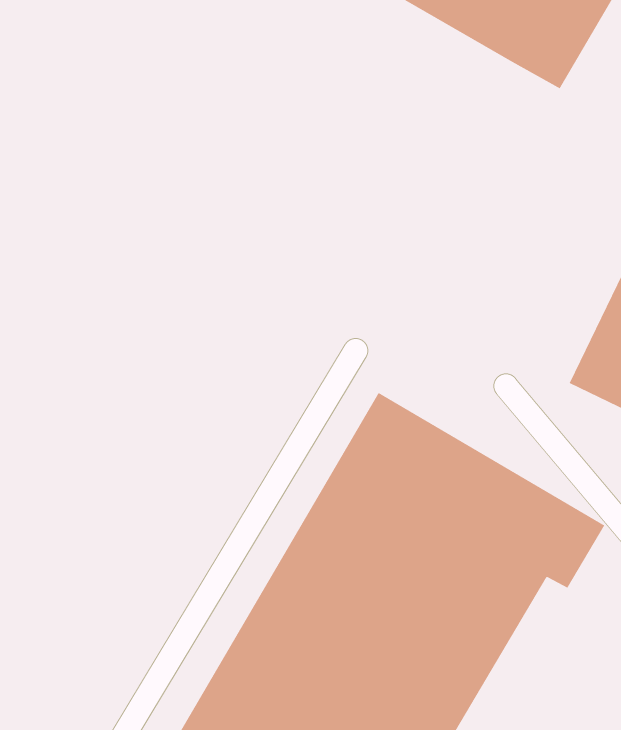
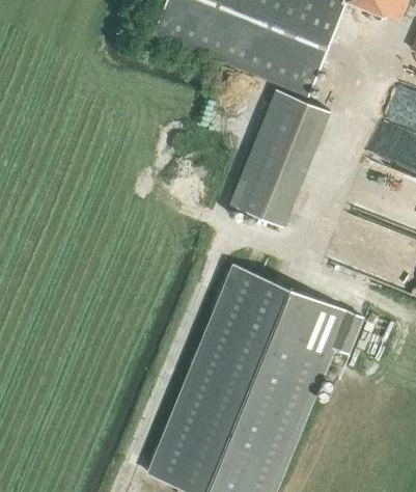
building: none -> [229,89,329,225]

